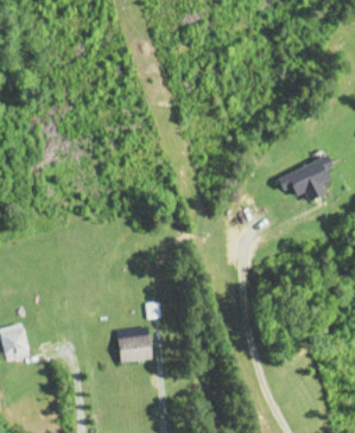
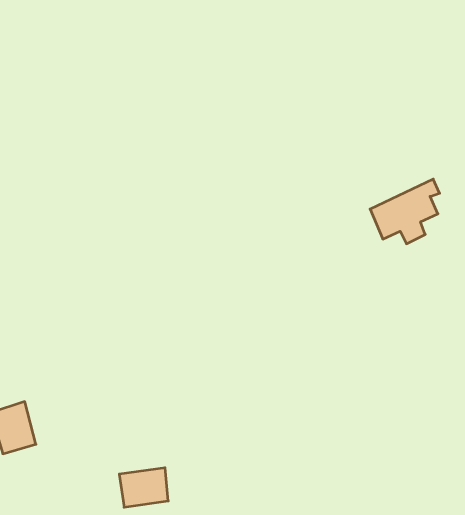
building: [118,333,154,363] -> [119,468,168,507]

